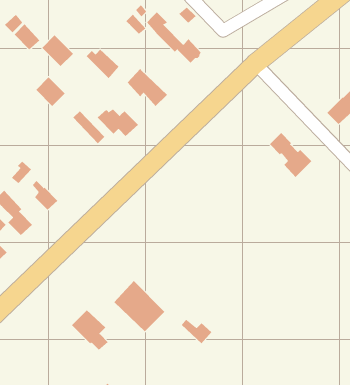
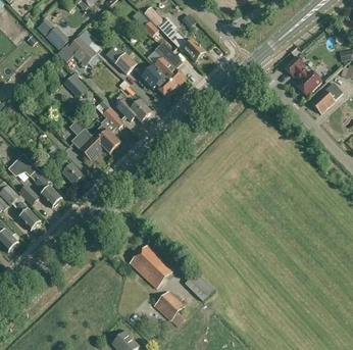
building: none -> [154,42,186,87]
building: [269,132,312,178] -> [285,56,321,95]
building: none -> [73,126,119,158]
building: [71,310,108,350] -> [154,291,186,326]

